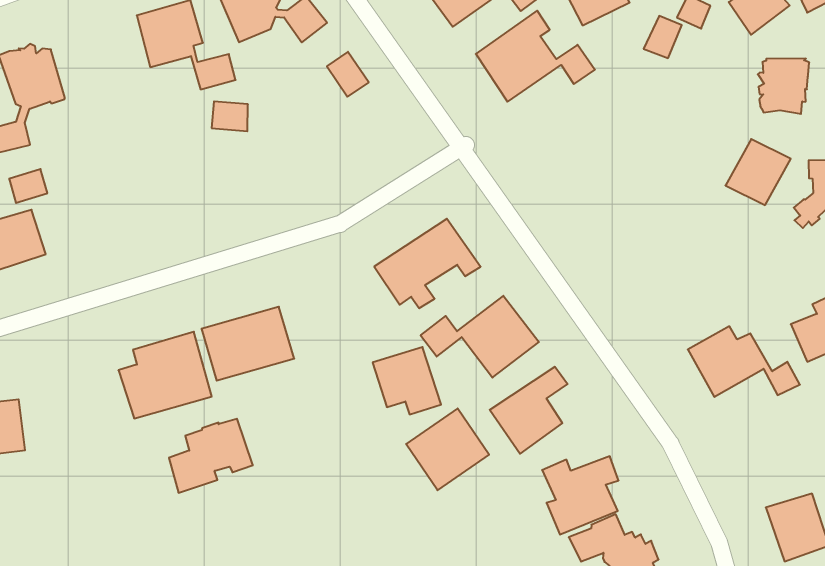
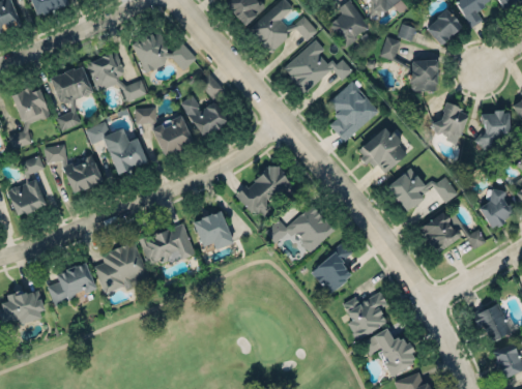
building: none -> [50,64,92,131]
building: [758,59,809,114] -> [409,58,438,91]
building: none -> [329,82,379,143]
building: none -> [181,96,228,138]
building: none -> [85,121,147,173]
building: none -> [152,116,194,156]
building: none -> [44,144,103,193]
building: none -> [359,125,407,173]
building: none -> [388,169,459,210]
building: [373,347,441,414] -> [193,211,234,250]
building: [406,408,489,490] -> none
building: [169,419,253,493] -> [48,261,96,306]

